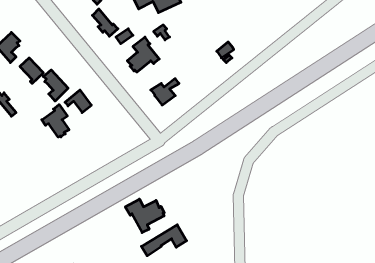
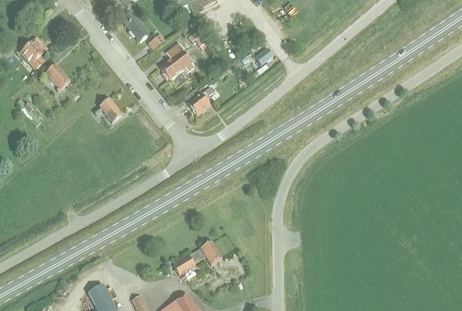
building: [43,70,68,101] -> none
building: [42,105,69,137] -> none
building: [125,199,164,233] -> none

